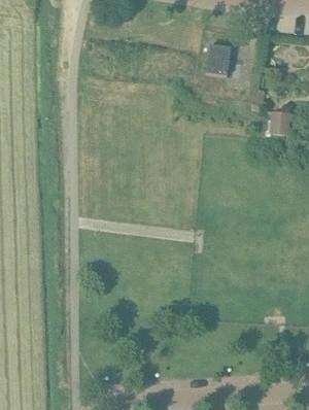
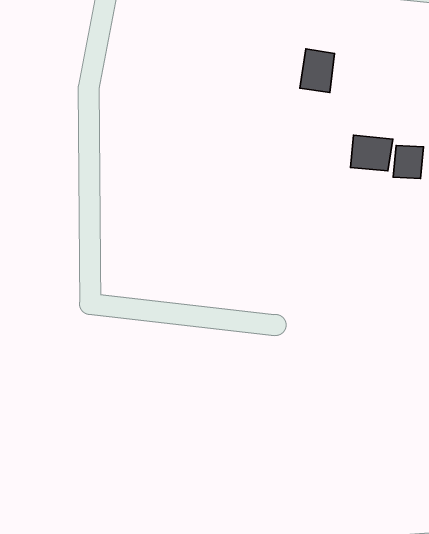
building: none -> [350,135,393,171]

